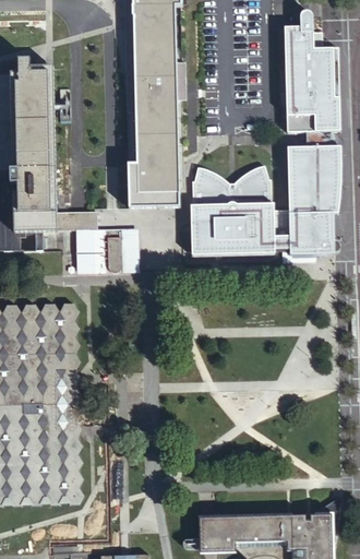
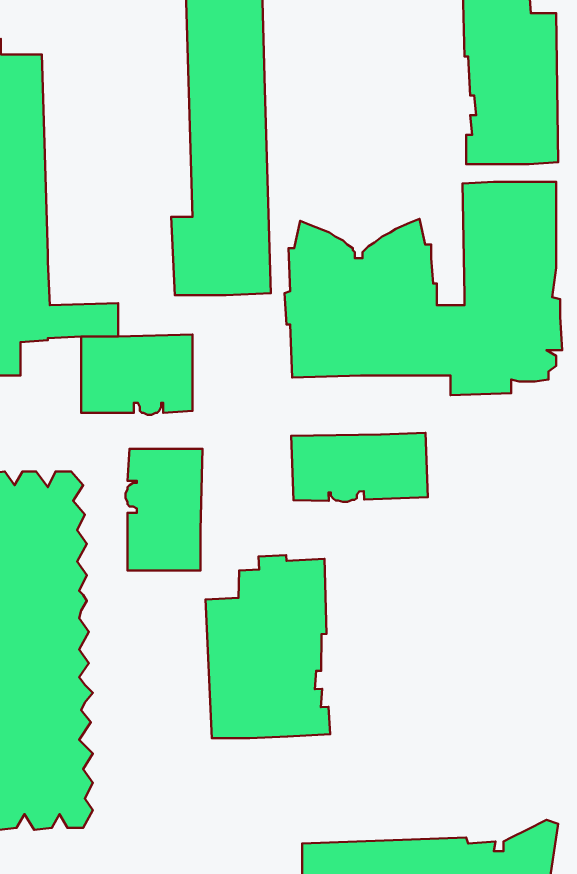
building: none -> [291,433,428,502]
building: none -> [126,449,202,571]
building: none -> [206,555,330,738]

